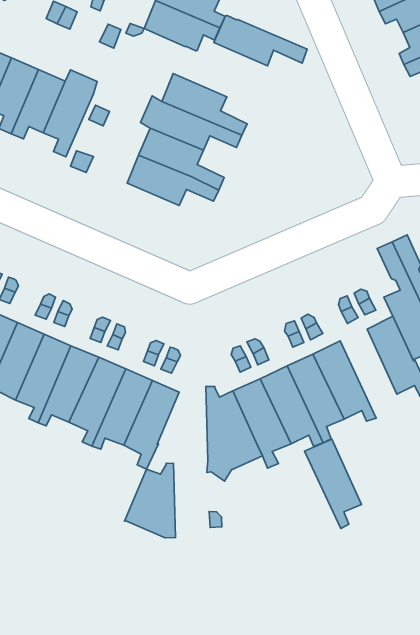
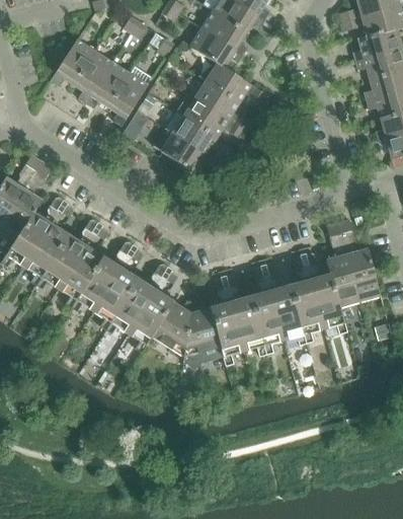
building: [214,16,307,66] -> [206,62,269,103]
building: [305,439,362,528] -> [291,279,324,342]
building: [125,463,175,538] -> [152,299,192,352]

